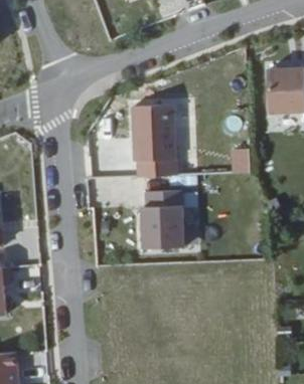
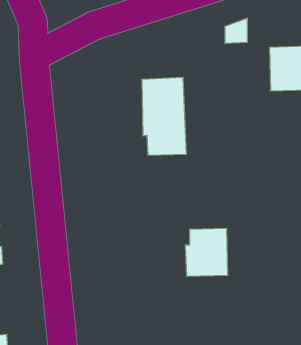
building: [148,188,189,234] -> [185,228,228,276]

